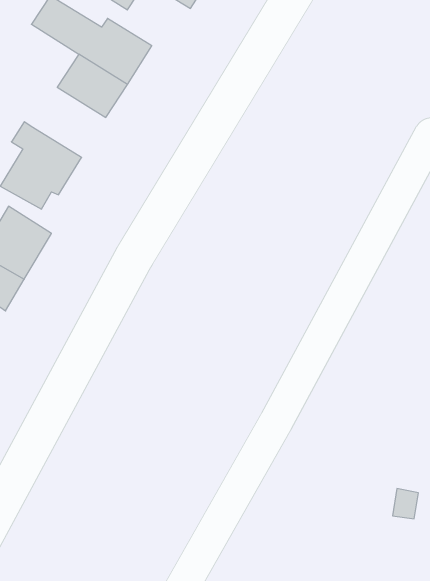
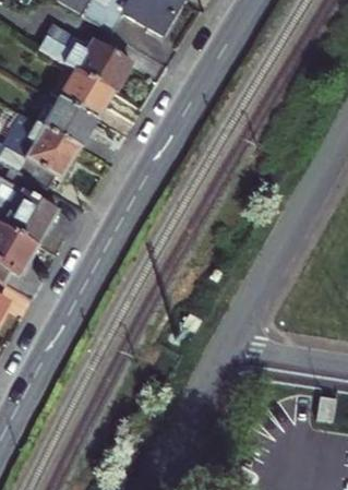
building: none -> [43,94,98,147]

